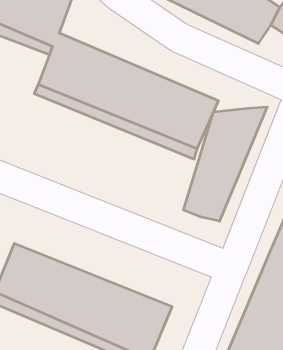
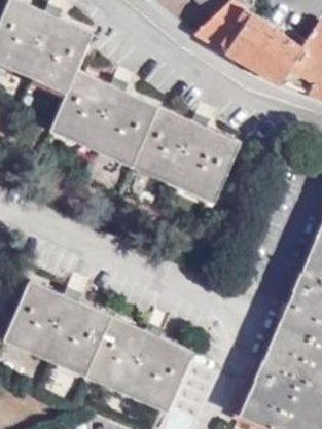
building: [183,107,267,221] -> none

